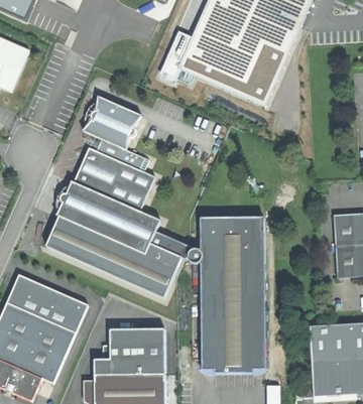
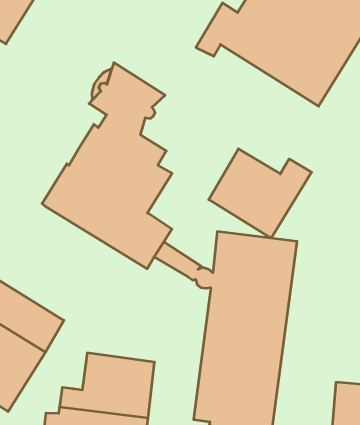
building: none -> [209,149,312,238]
building: [45,217,180,298] -> none

